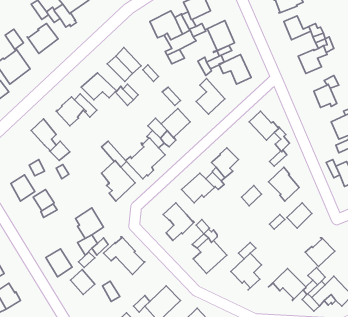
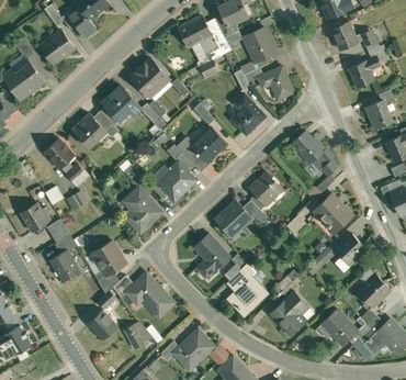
building: [46,249,72,277] -> [49,250,79,282]

